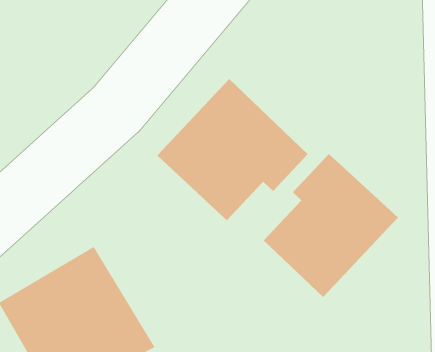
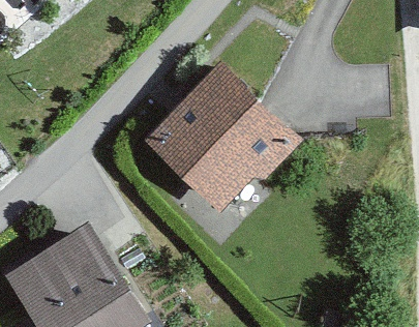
building: [263,153,399,298] -> none

